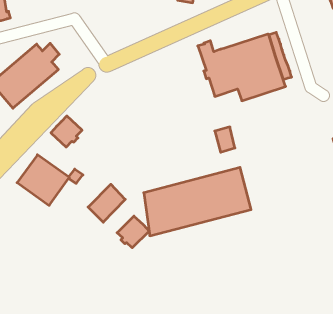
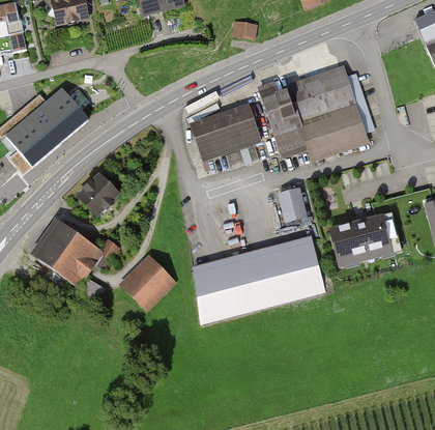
building: none -> [191,107,259,159]
building: none -> [328,212,399,259]
building: [117,216,149,248] -> none

